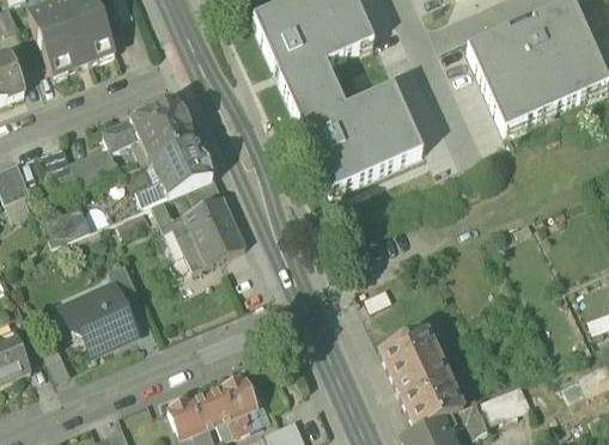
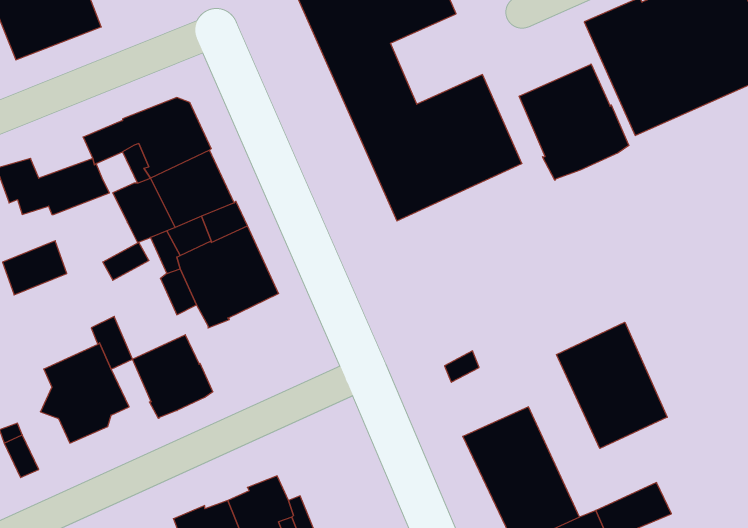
building: none -> [519,64,629,180]
building: none -> [556,322,667,448]
building: none -> [132,335,213,418]

